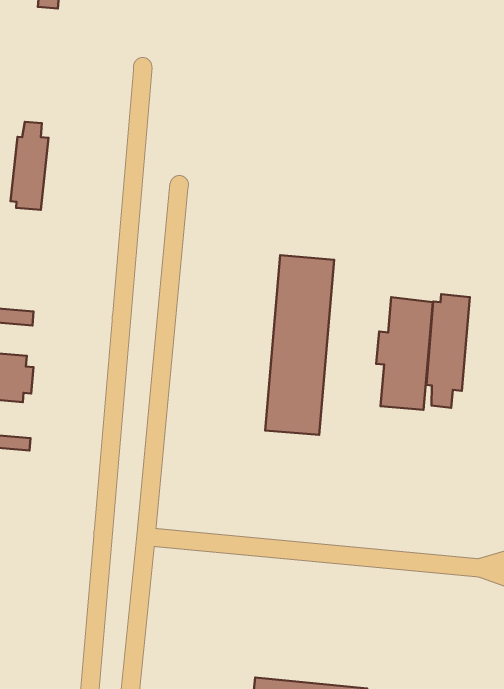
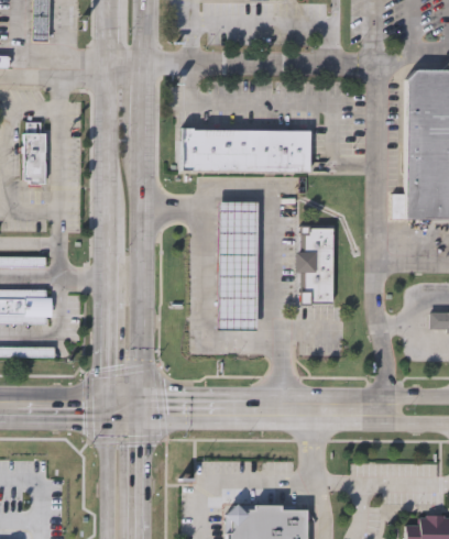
building: none -> [180,130,309,173]
building: [426,294,470,408] -> none

